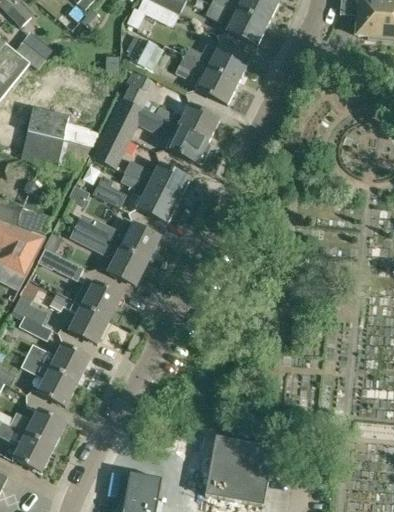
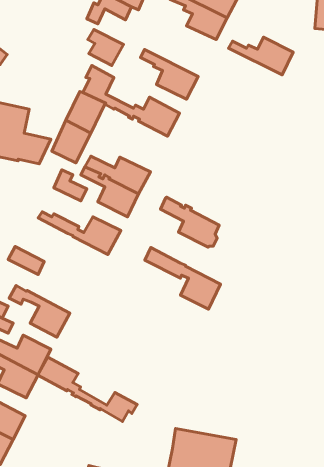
building: [184,43,249,81] -> [229,37,293,75]
building: [148,113,207,163] -> [161,197,219,247]
building: [71,223,147,285] -> [145,247,220,309]
building: [66,281,121,319] -> none
building: none -> [38,357,137,422]

